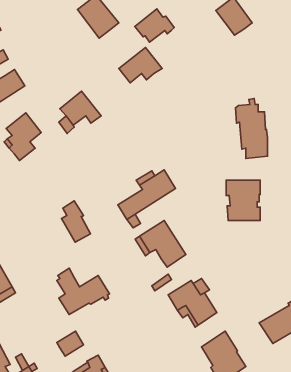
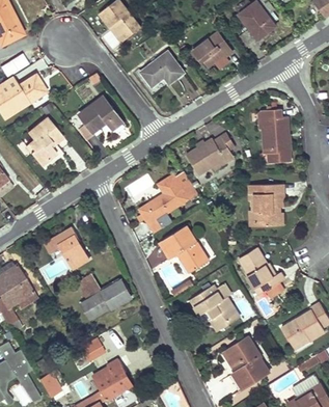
building: [135,9,174,42] -> [192,33,231,66]
building: none -> [186,134,236,174]
building: [62,201,91,242] -> [59,226,88,268]
building: none -> [239,248,284,298]

